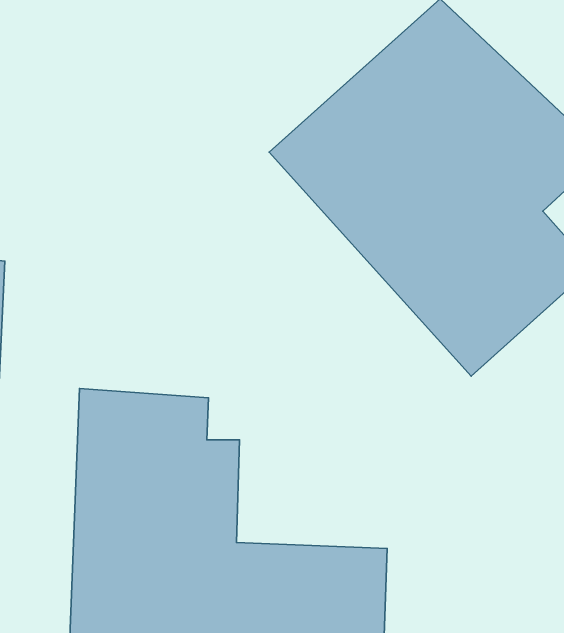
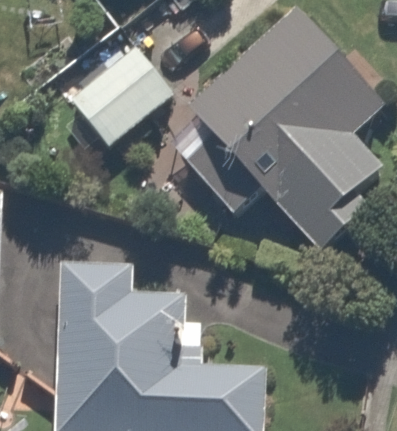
building: none -> [63,38,184,160]

